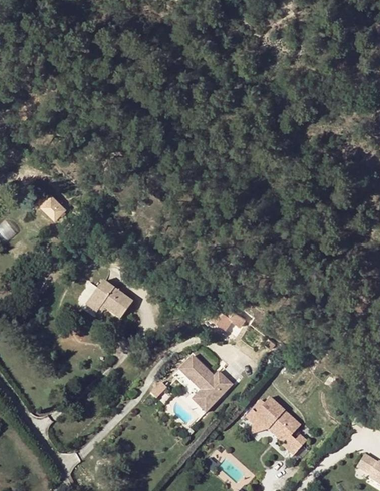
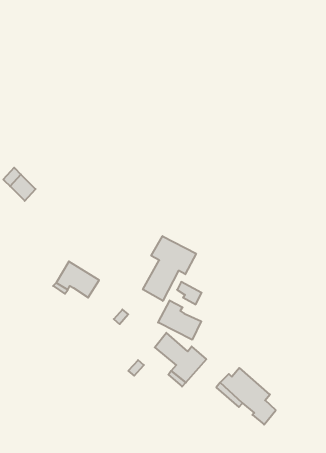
building: none -> [143,236,196,301]
building: none -> [158,300,201,340]

